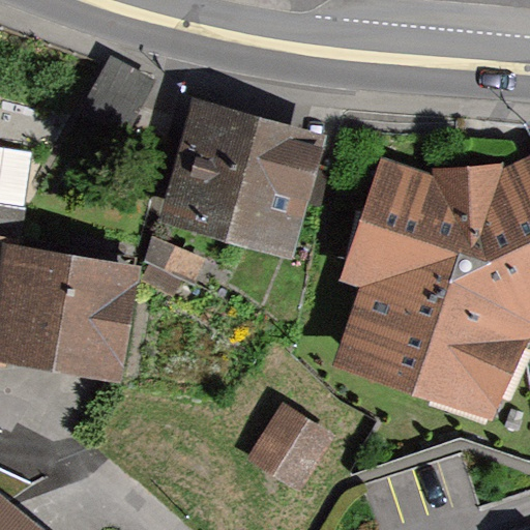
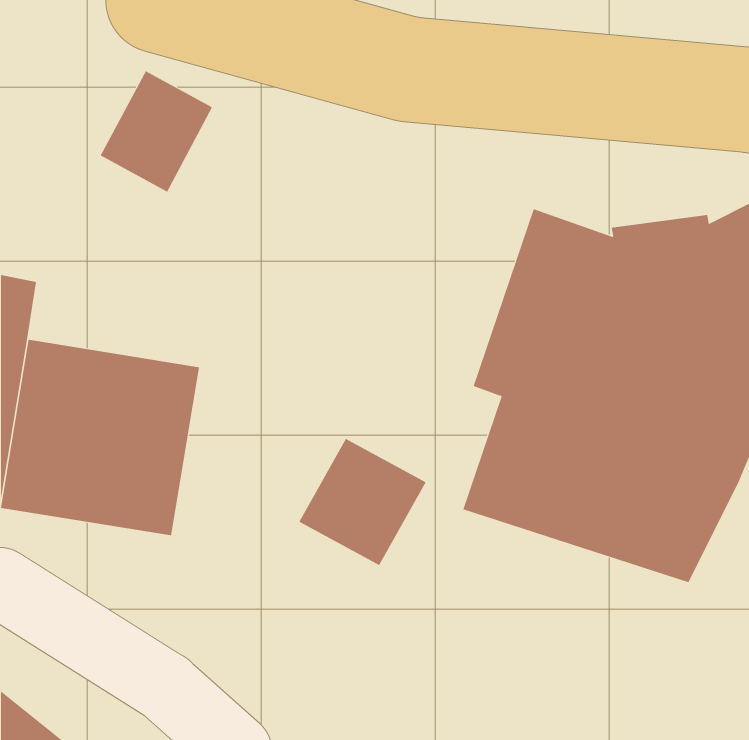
building: [158,94,327,260] -> none
building: [249,406,340,496] -> [299,438,426,566]

